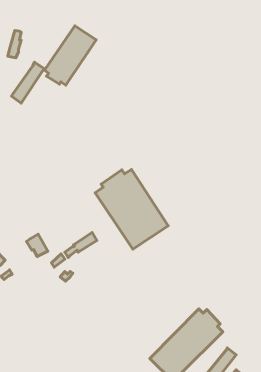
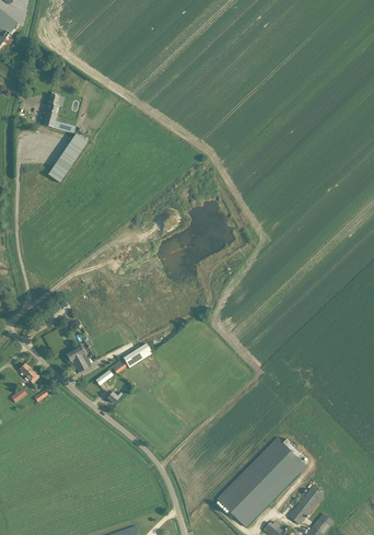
building: [45,26,96,85] -> none
building: [95,169,168,249] -> none

